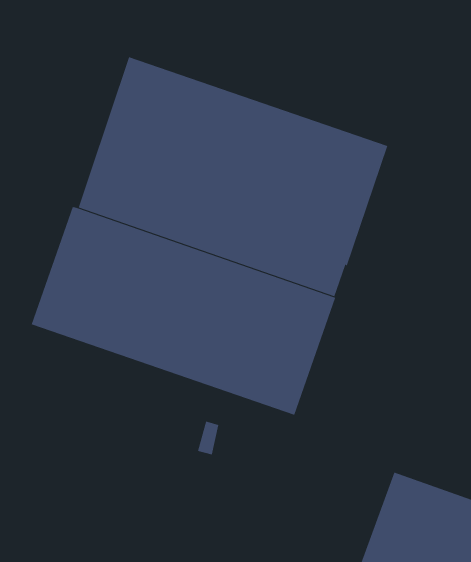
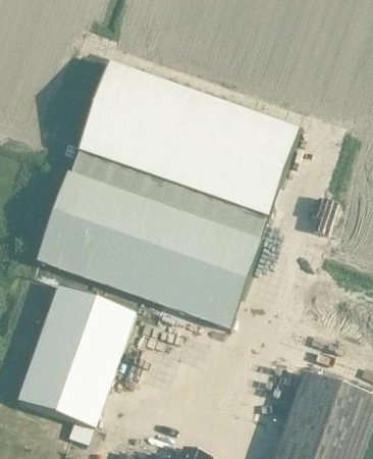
building: none -> [18,284,136,426]

